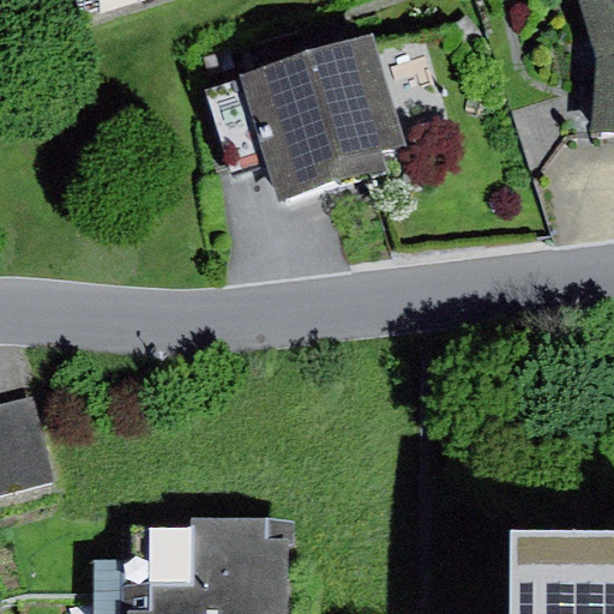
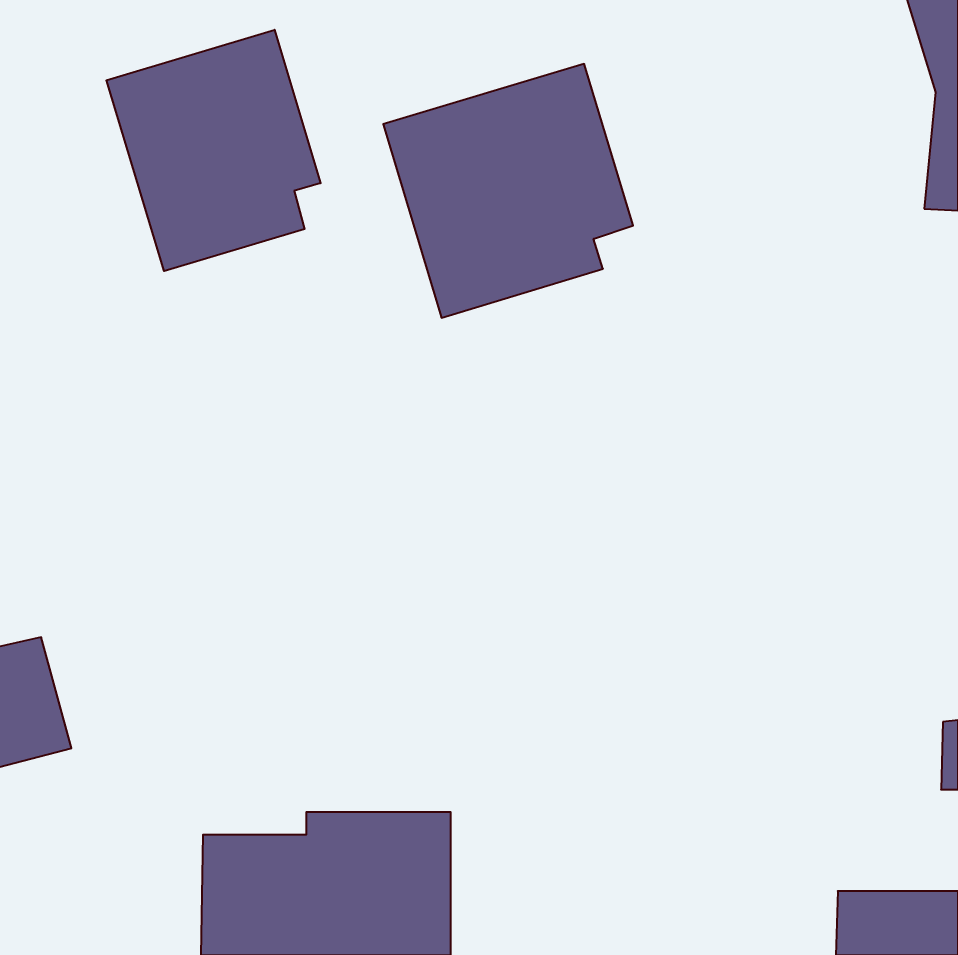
building: none -> [106,30,321,271]

